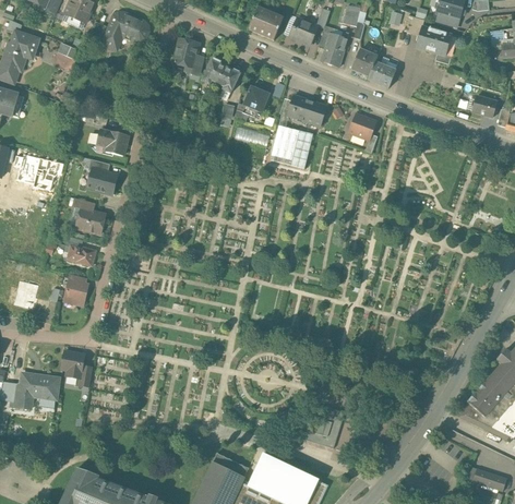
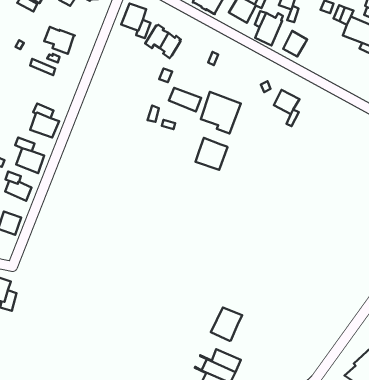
building: [367,56,396,87] -> none
building: [241,86,267,117] -> none
building: [286,95,326,125] -> none
building: [95,128,128,155] -> [44,27,75,54]
building: none -> [195,138,228,170]
building: none -> [211,307,242,341]

